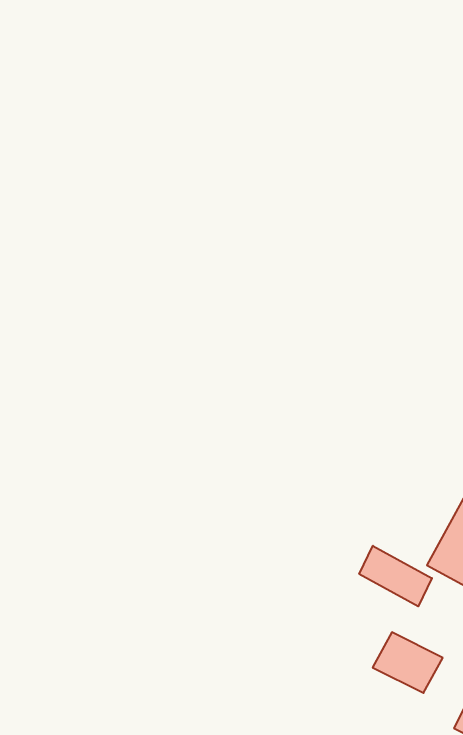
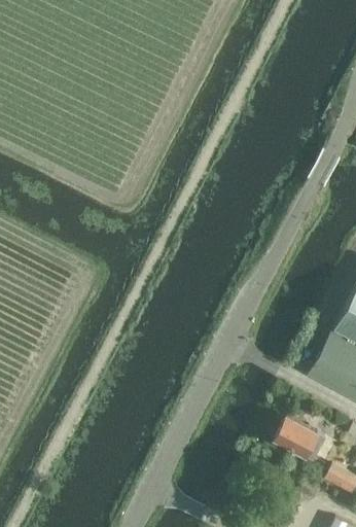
building: [359,546,432,606] -> none

